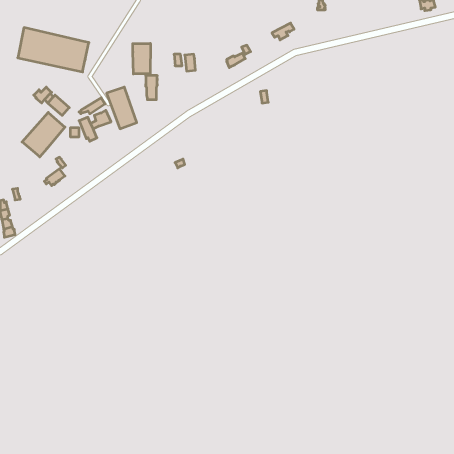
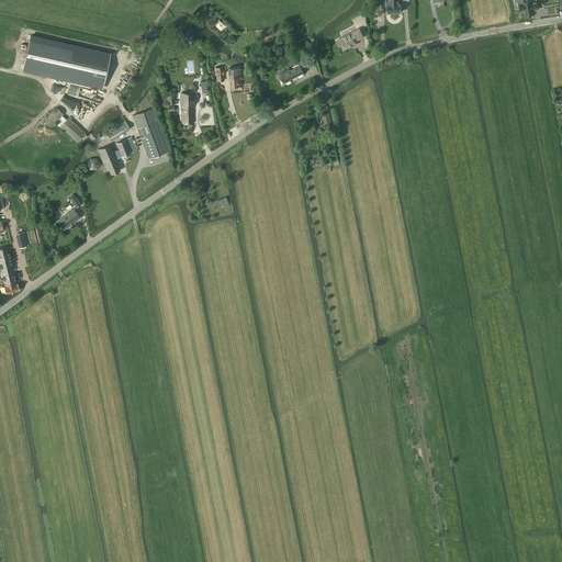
building: [133,43,150,74] -> none
building: [22,112,65,157] -> none

